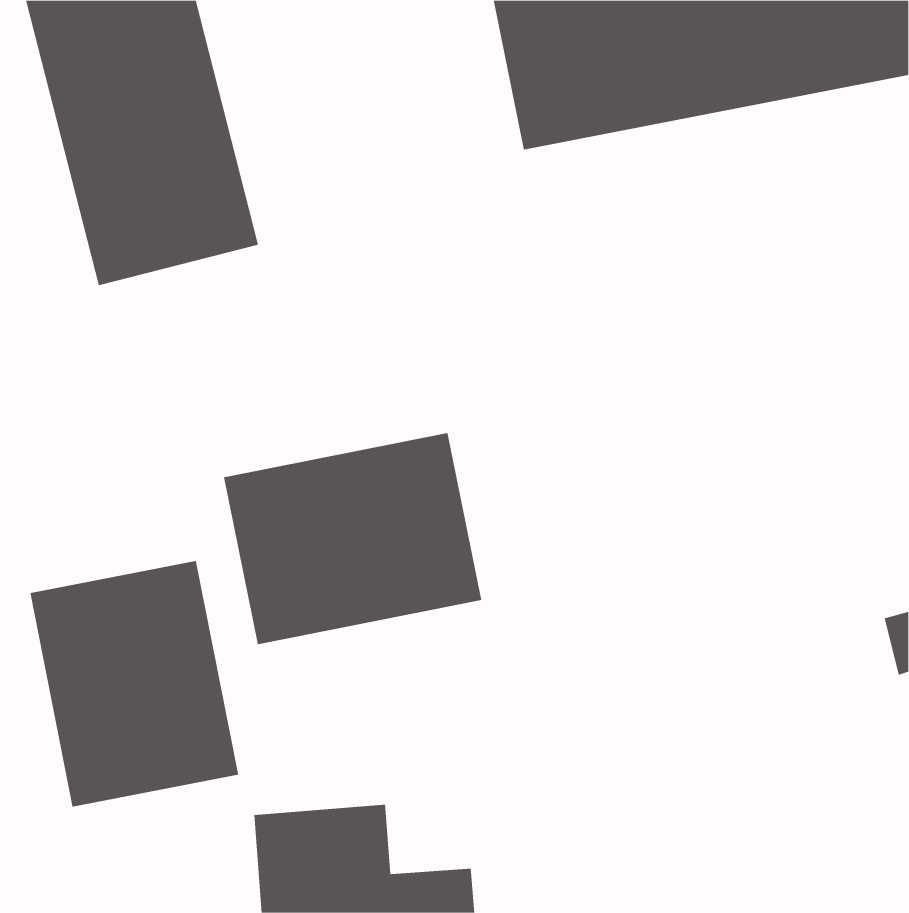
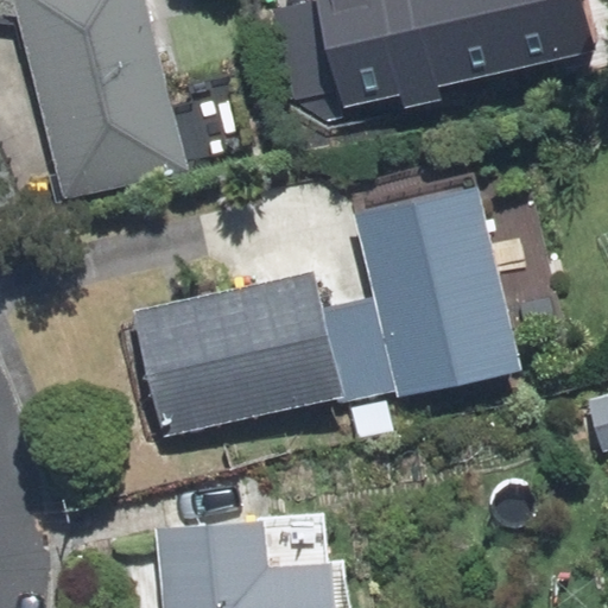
building: none -> [360,200,507,393]
building: [30,560,239,808] -> none

